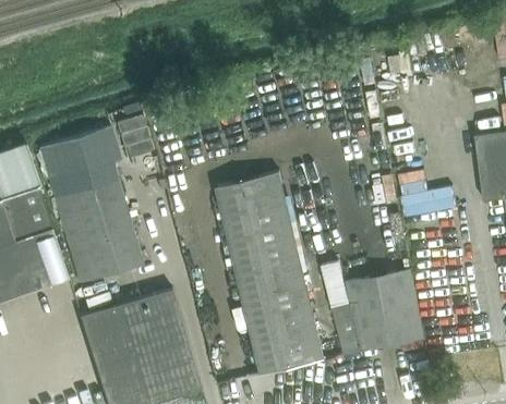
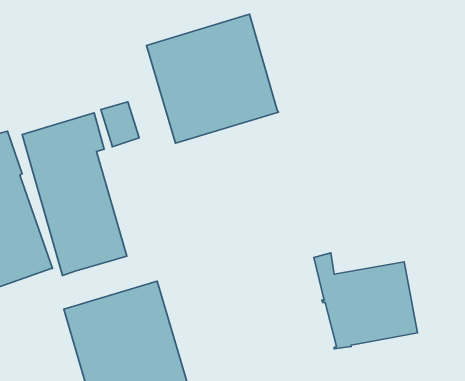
building: none -> [147,14,278,143]
building: [217,172,325,378] -> none

